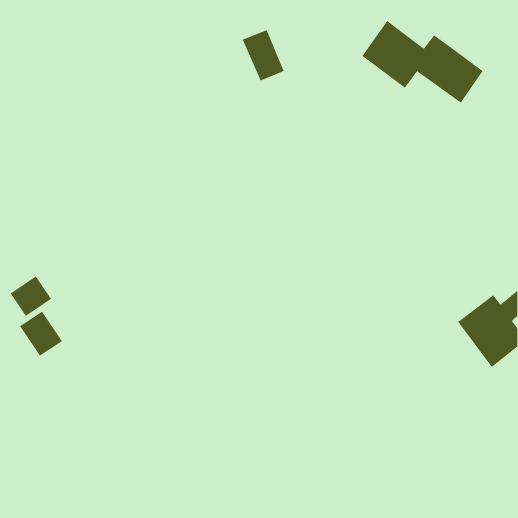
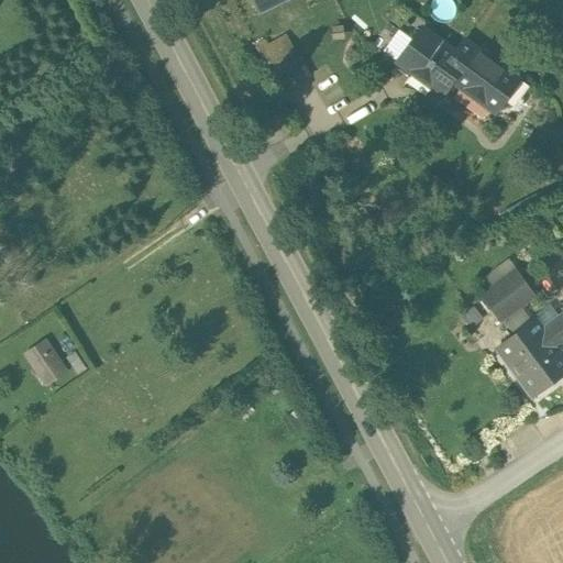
building: none -> [481,272,533,322]
building: [10,275,52,317] -> none

